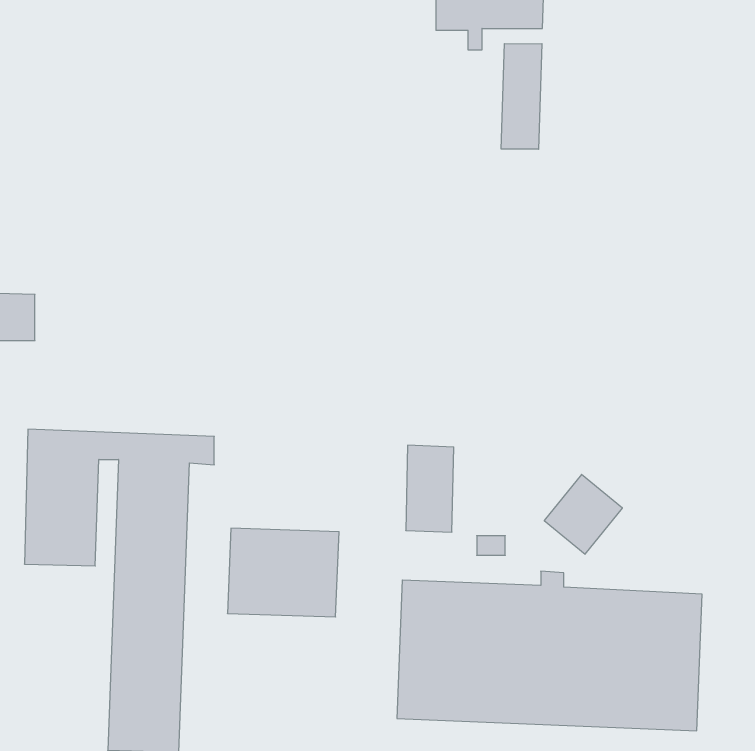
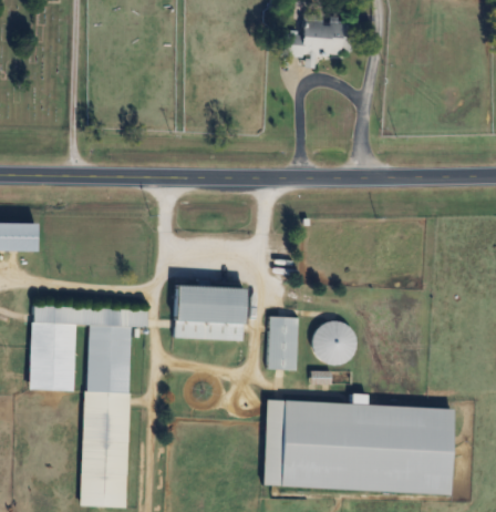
building: [501,44,542,149] -> none
building: [544,474,622,554] -> [308,318,356,368]
building: [227,528,339,617] -> [175,285,245,340]

